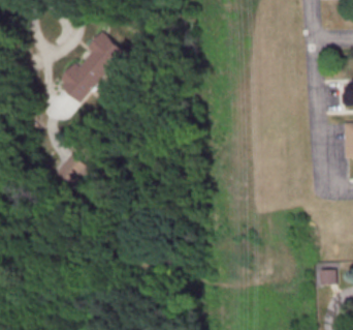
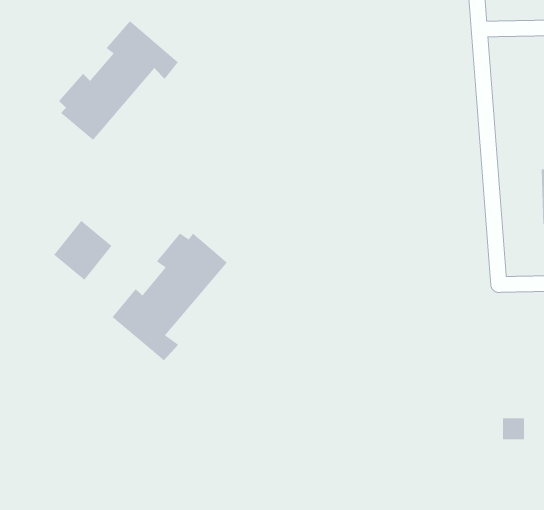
building: none -> [111,232,228,361]

